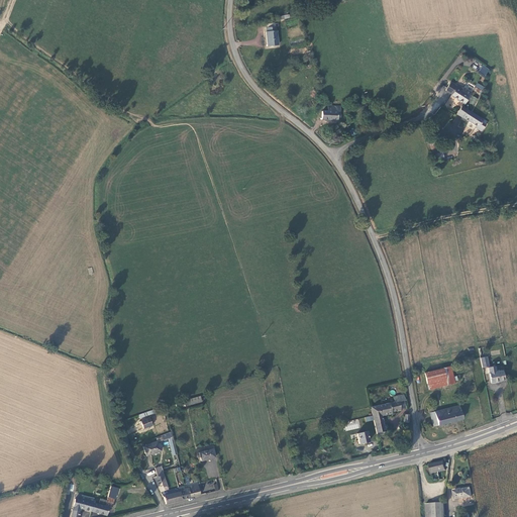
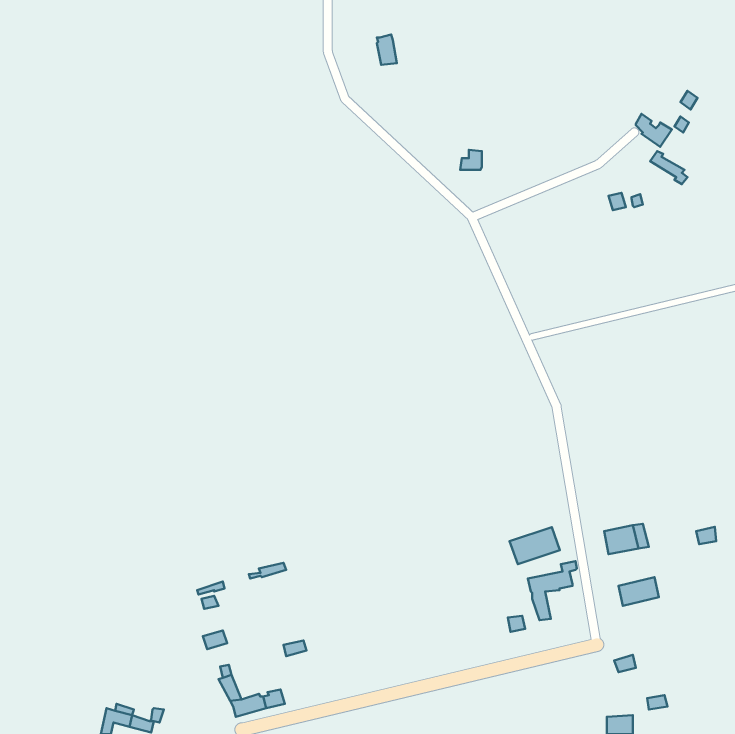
building: none -> [510,527,560,564]

